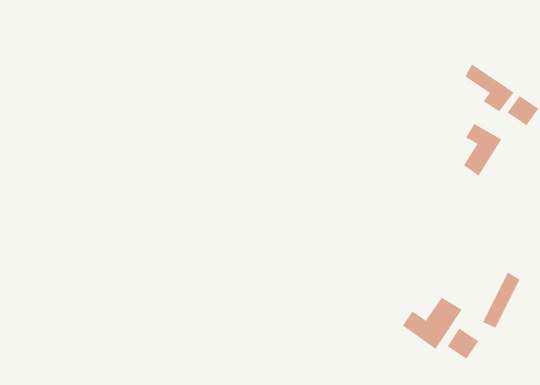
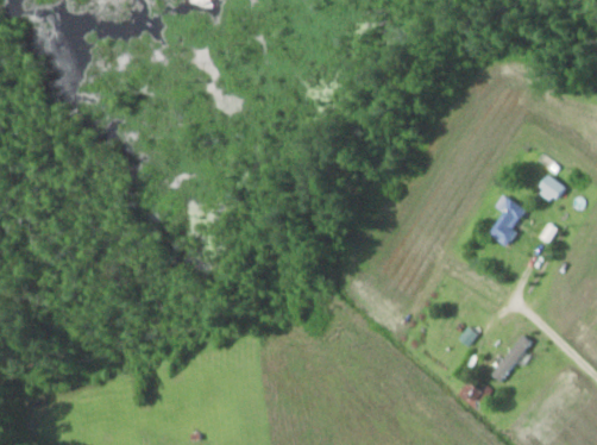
building: [465,63,514,112] -> none
building: [402,297,463,350] -> none

